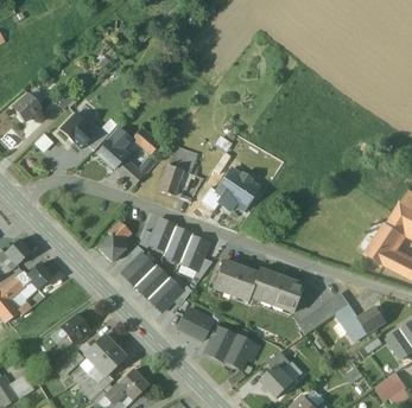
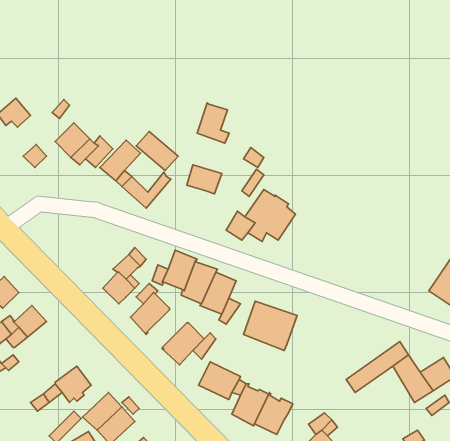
building: [158,164,184,197] -> [197,103,229,143]
building: [134,264,169,299] -> none
building: [249,268,304,312] -> none

